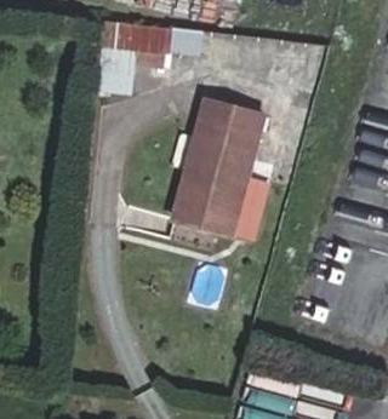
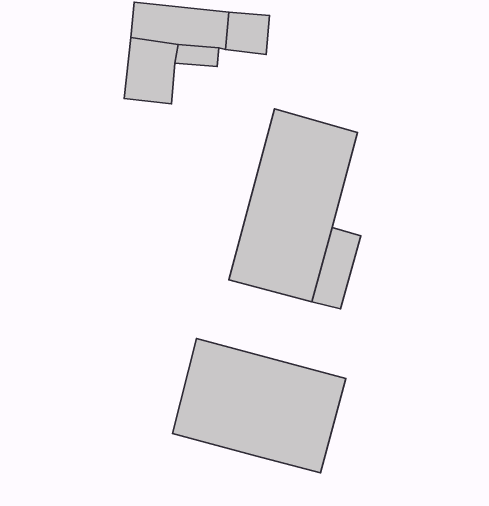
building: none -> [173,338,346,473]

